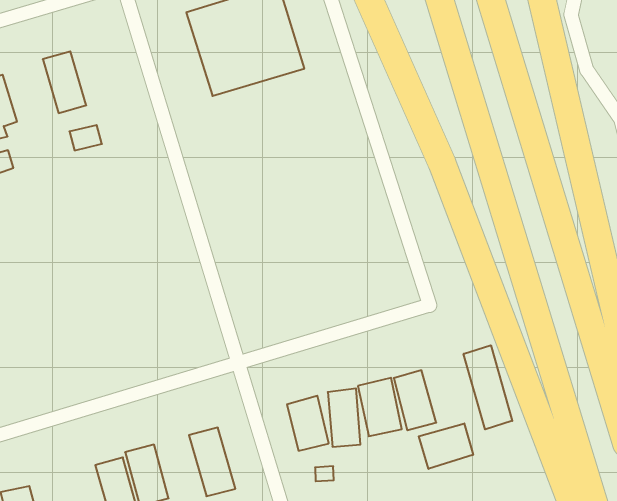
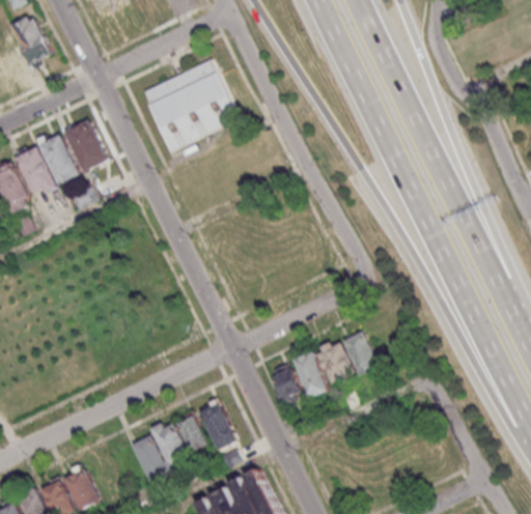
building: none -> [63,121,106,171]
building: none -> [16,149,56,194]
building: [464,345,512,429] -> none
building: [419,423,473,469] -> none
building: none -> [174,412,208,455]

